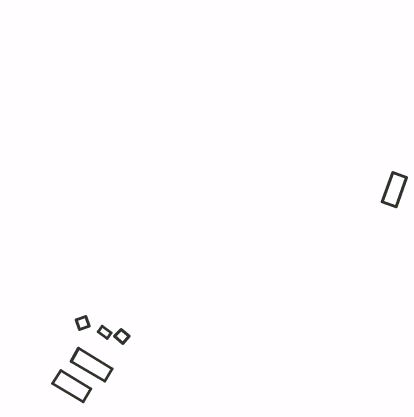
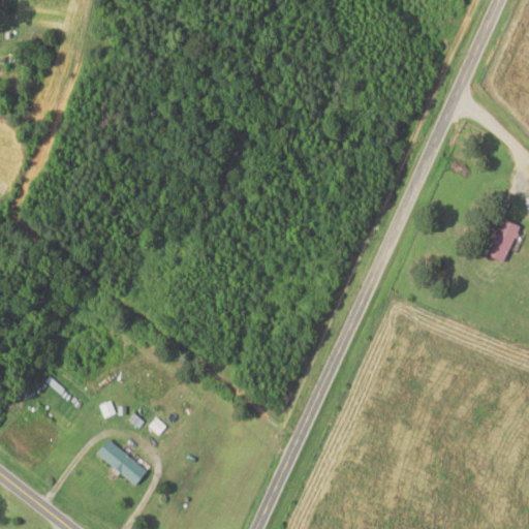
building: [52,370,91,402] -> none

